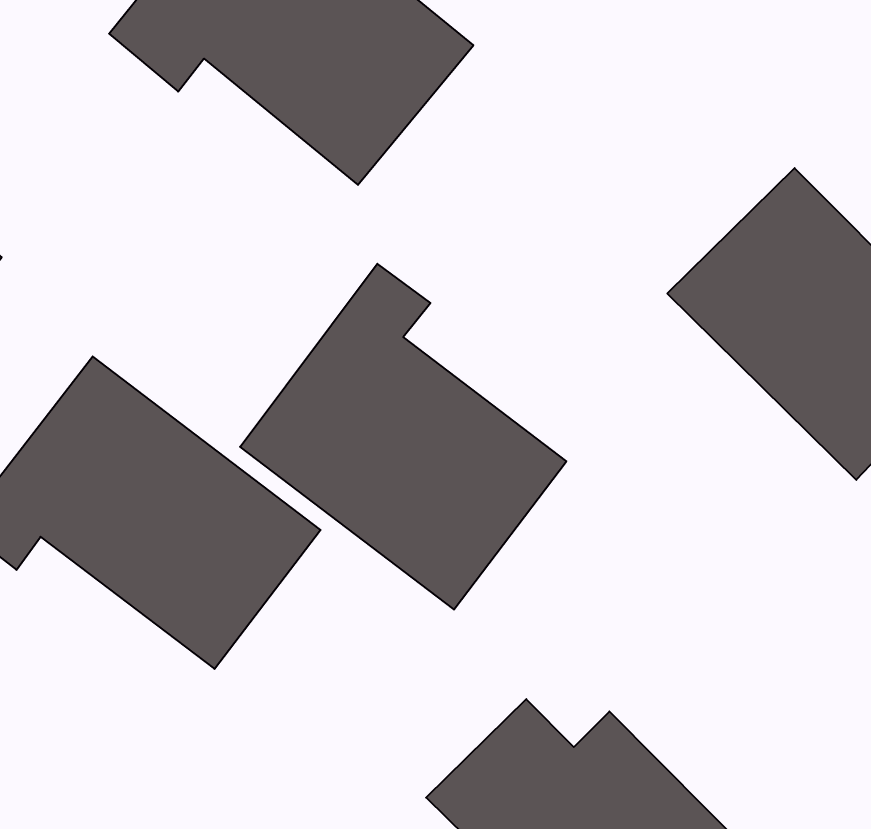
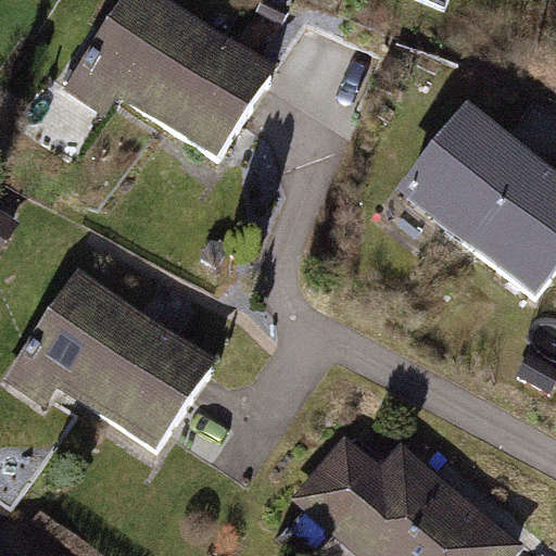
building: [240,264,566,610] -> none

